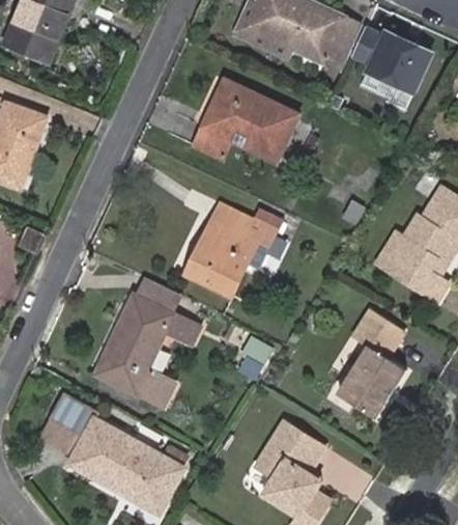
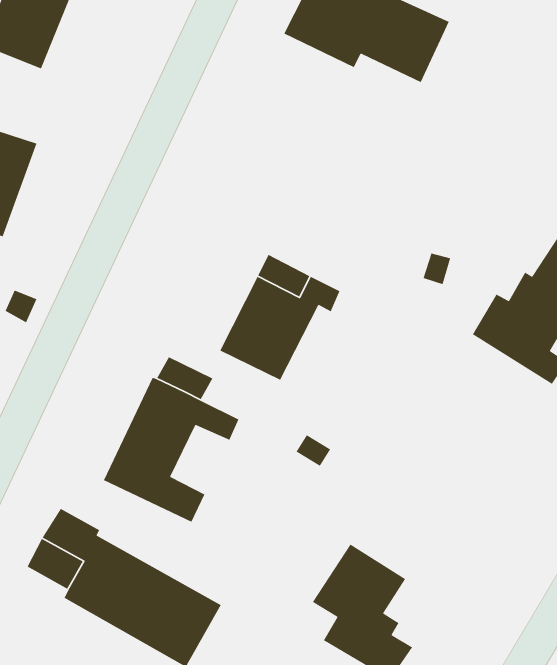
building: [344,20,429,108] -> none
building: [192,77,299,162] -> none
building: [337,307,406,417] -> none

